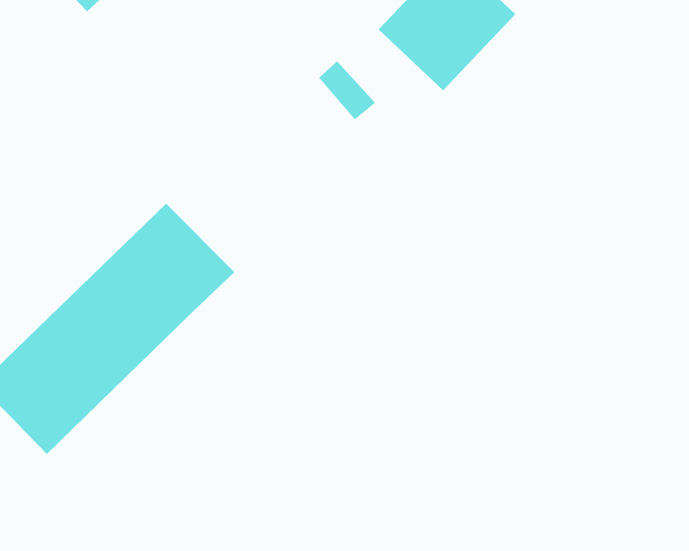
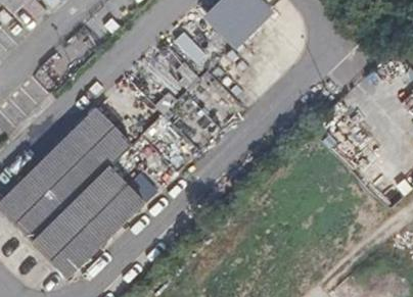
building: none -> [31,166,145,280]

